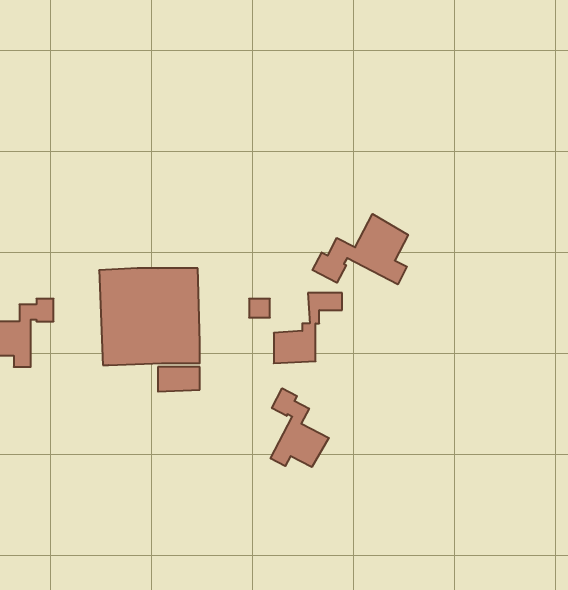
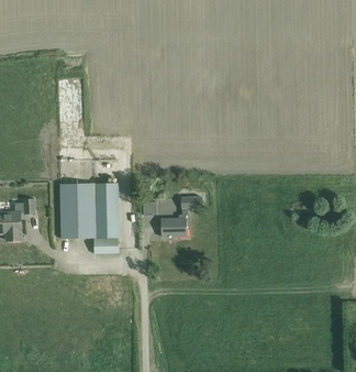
building: [312,214,408,284] -> none
building: [271,388,329,467] -> none

